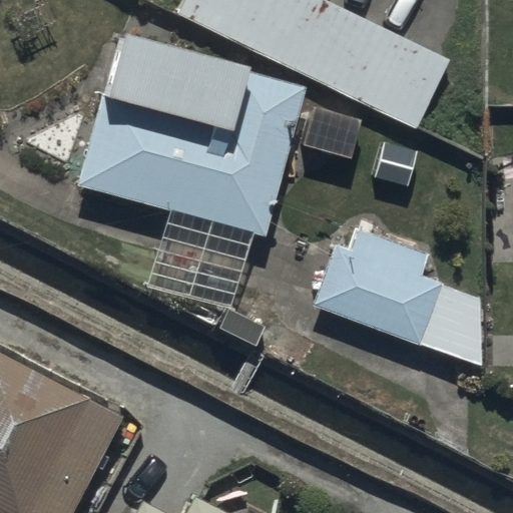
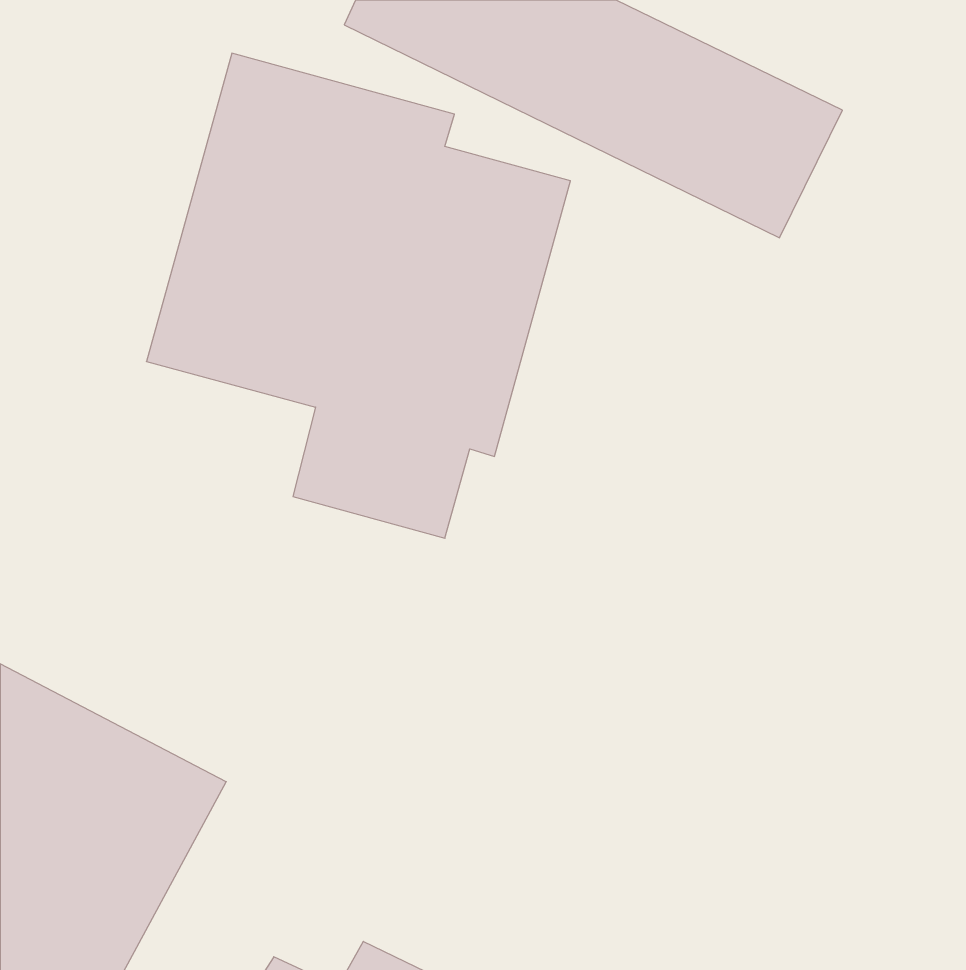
building: [312,232,441,346] -> none

